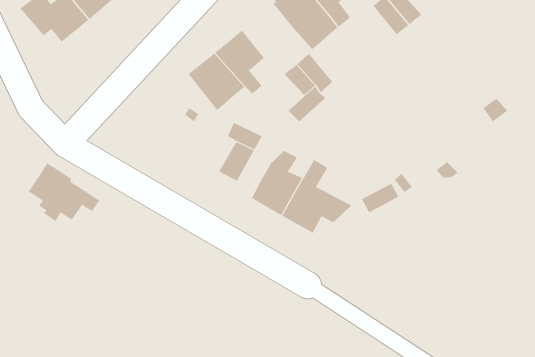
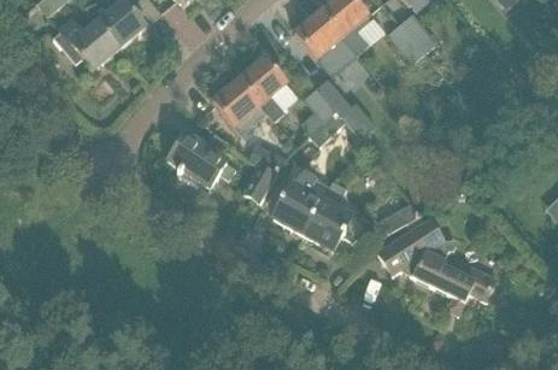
building: [28,162,100,222] -> [168,131,236,188]
building: none -> [377,217,497,307]

